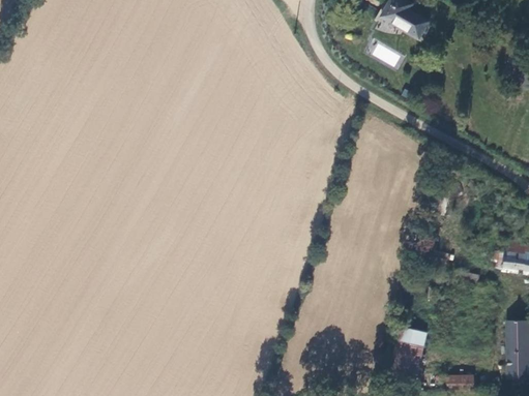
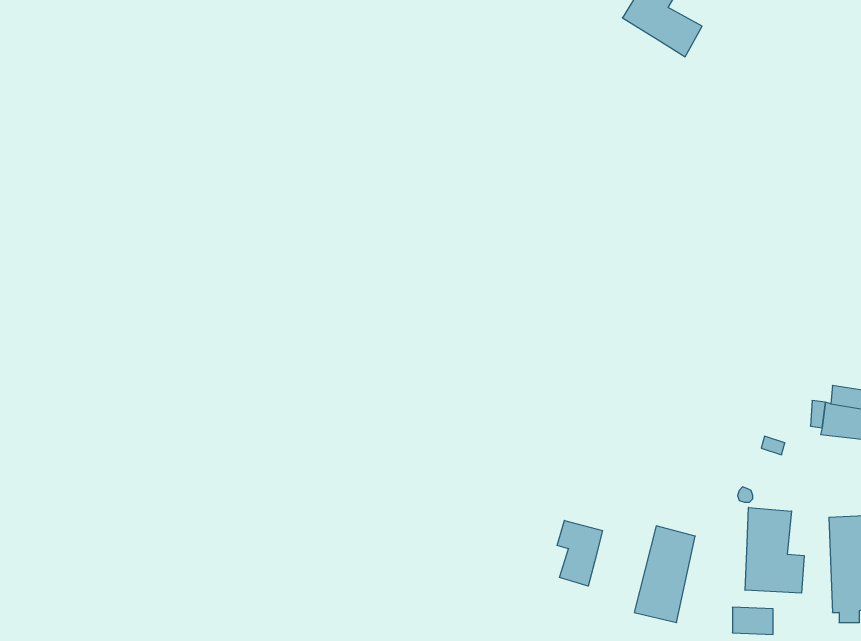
building: none -> [745,507,804,593]
building: none -> [557,520,602,586]

